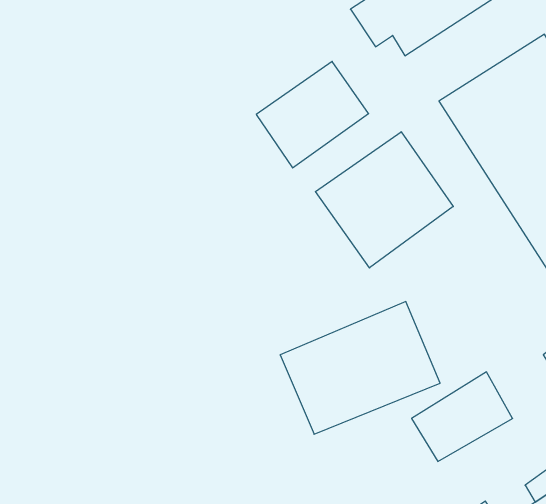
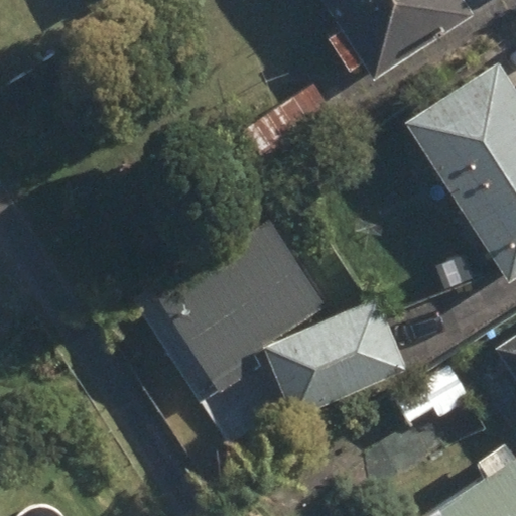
building: [315,132,453,268] -> none
building: none -> [159,224,321,390]

